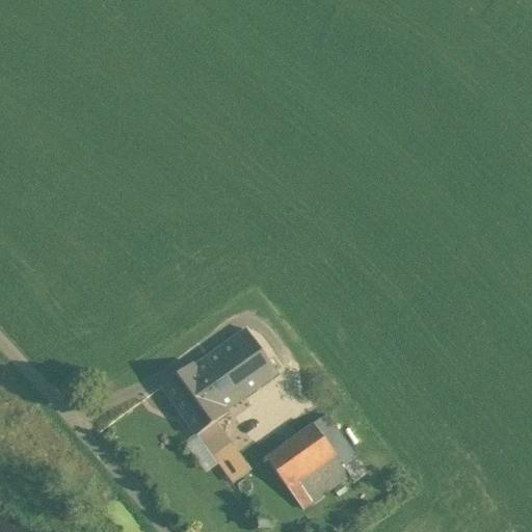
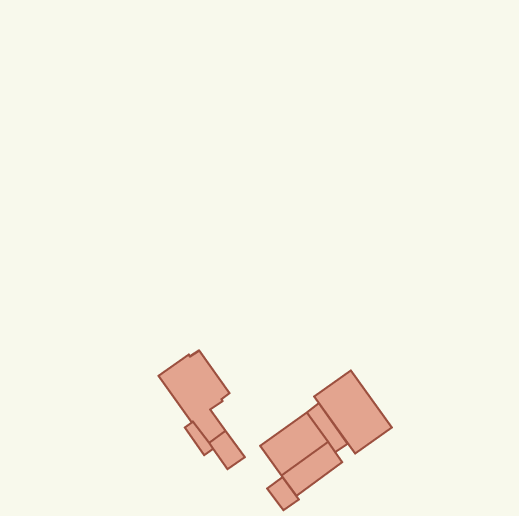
building: [204,328,277,402] -> none
building: none -> [314,370,392,454]
building: none -> [267,477,299,510]

